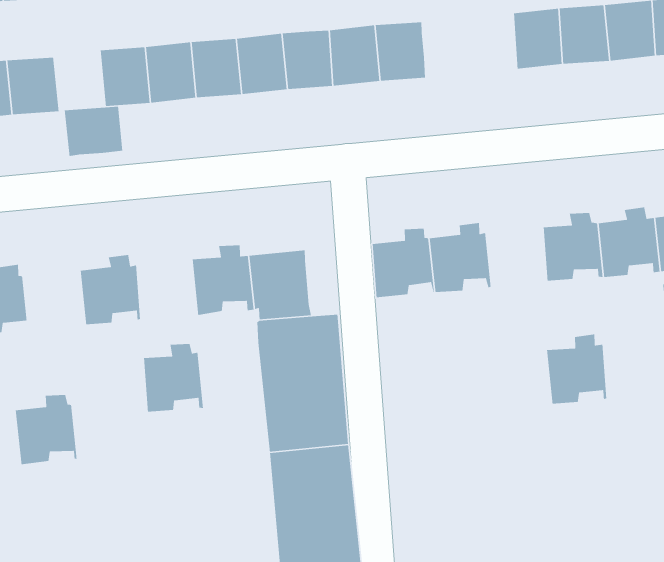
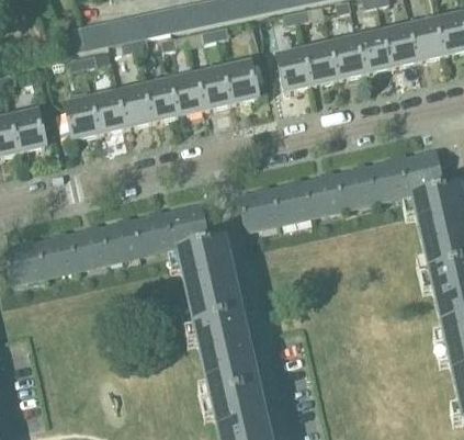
building: none -> [279,50,312,89]
building: [64,106,123,157] -> none
building: [546,334,607,405] -> [306,168,346,213]
building: [143,343,204,412] -> [104,215,144,259]
building: [15,394,78,465] -> [38,229,79,274]

